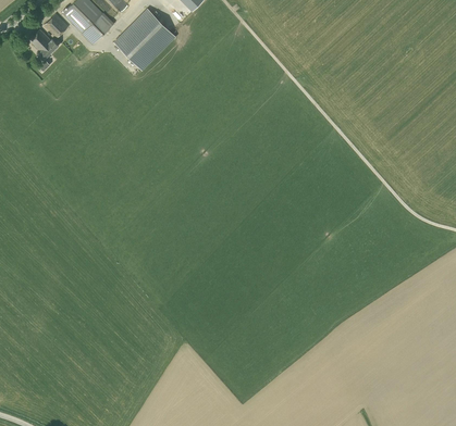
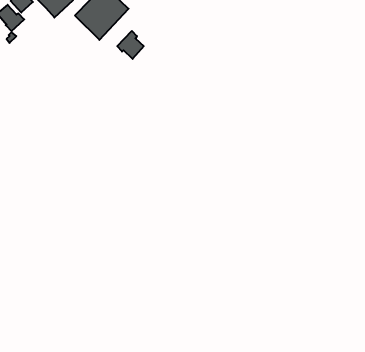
building: none -> [117,31,144,59]

